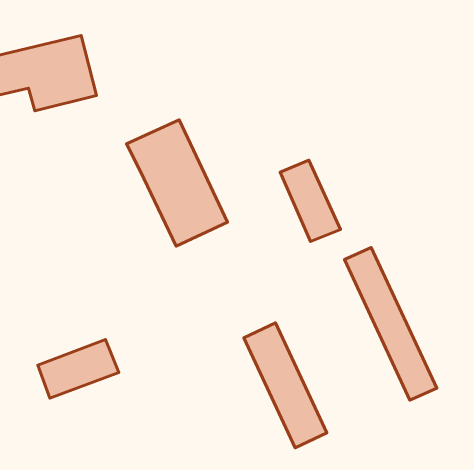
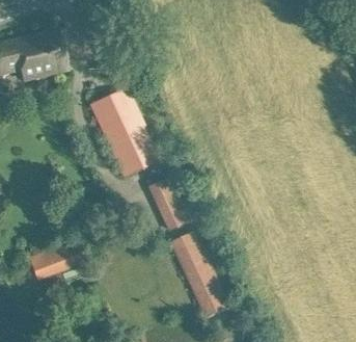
building: [280,160,340,241] -> [146,175,188,231]
building: [344,247,437,400] -> none

